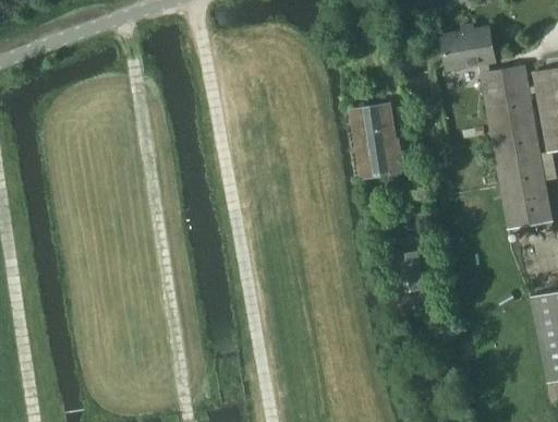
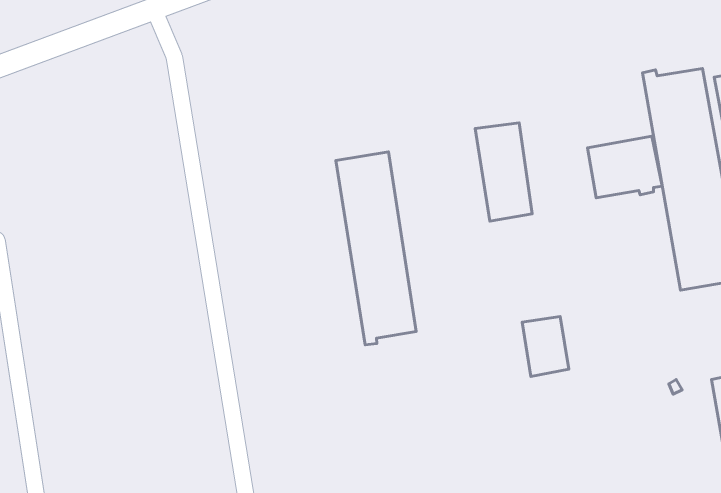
building: [440,24,496,70] -> [587,136,662,198]
building: none -> [336,152,416,345]

